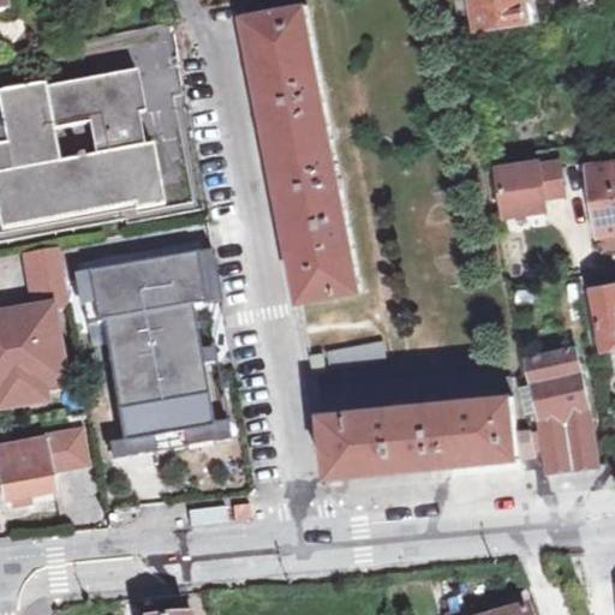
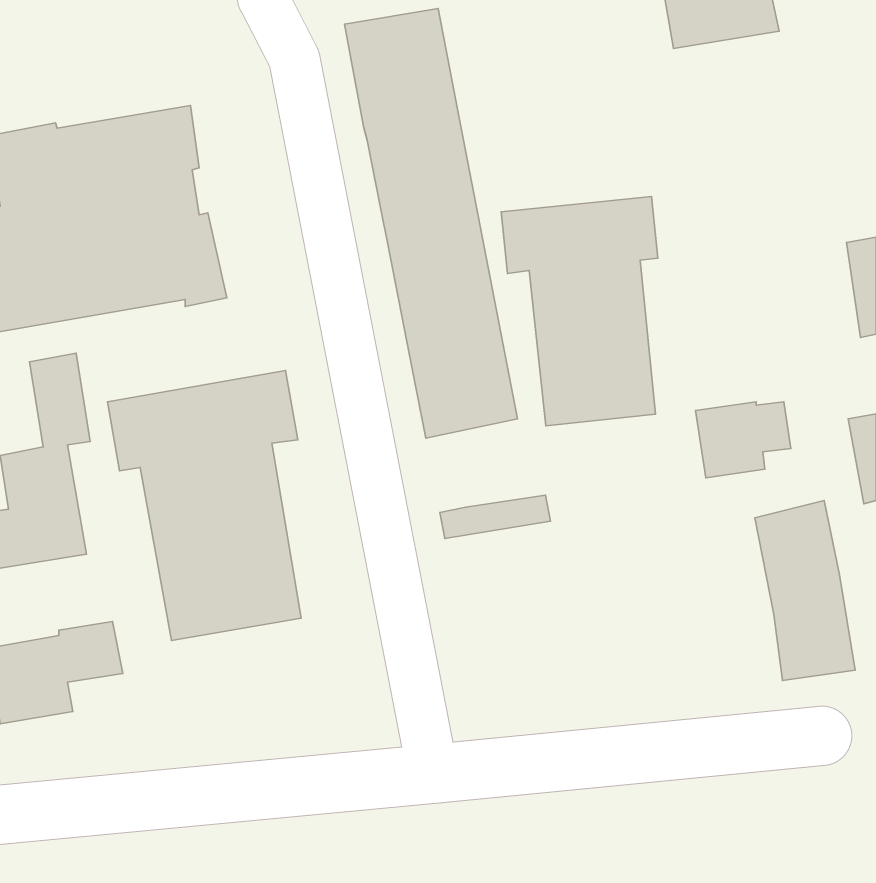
building: none -> [501,197,658,426]
building: [497,161,563,214] -> [695,402,791,478]
building: [315,380,533,478] -> none

